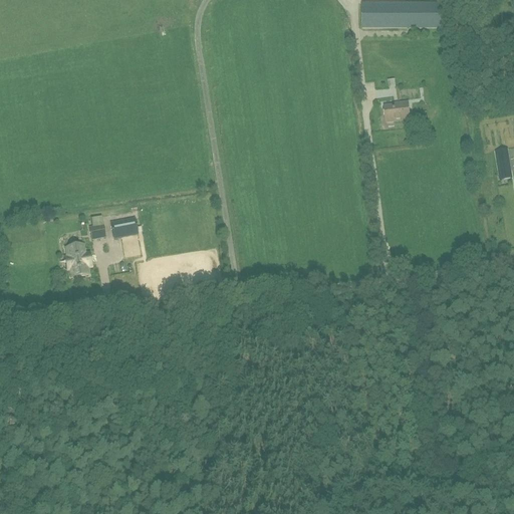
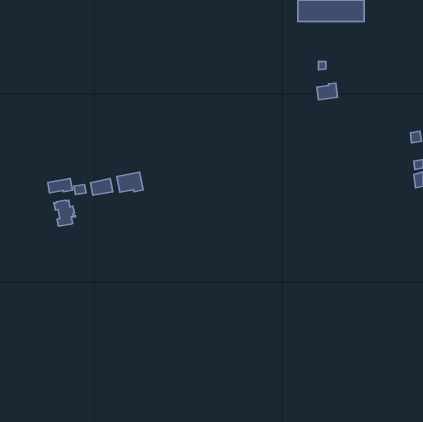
building: none -> [117,172,143,192]
building: none -> [48,179,72,193]

